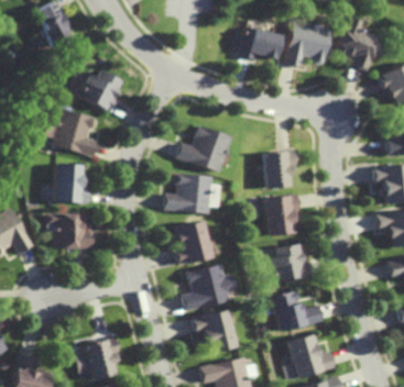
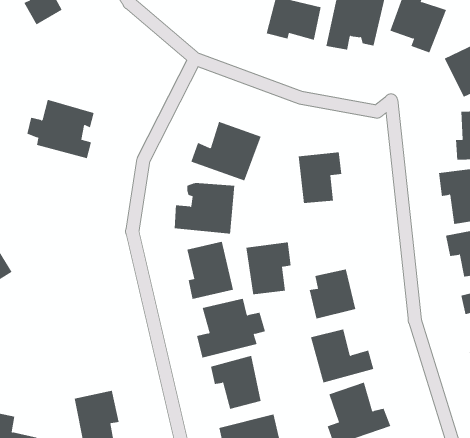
building: [80,70,124,112] -> none
building: [54,163,91,204] -> none
building: [264,194,301,235] -> [245,242,291,295]
building: [48,213,95,250] -> none

